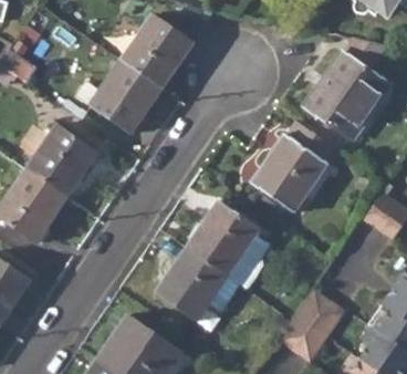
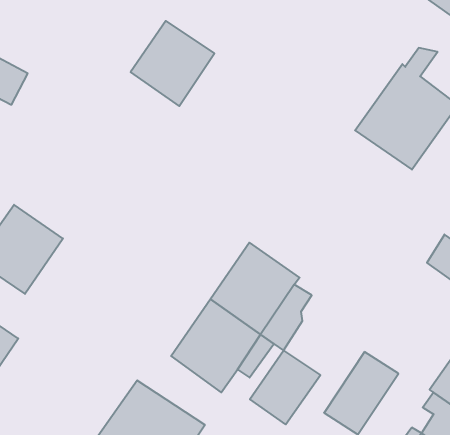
building: [92,61,163,134] -> none
building: [28,124,100,197] -> none
building: [253,124,340,216] -> none
building: none -> [250,351,320,424]

